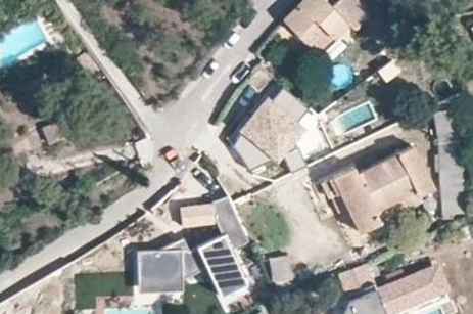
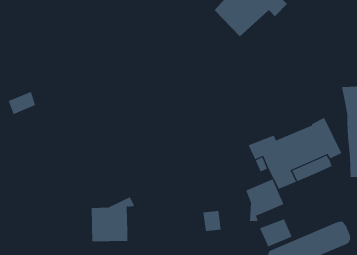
building: [233,89,311,173] -> none
building: [182,196,250,297] -> none
building: none -> [246,179,284,222]

